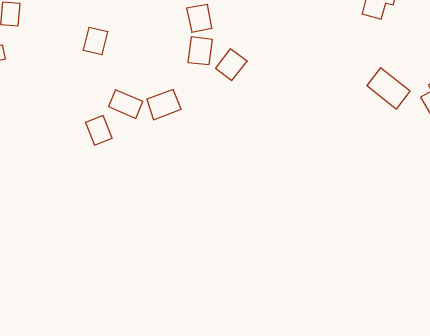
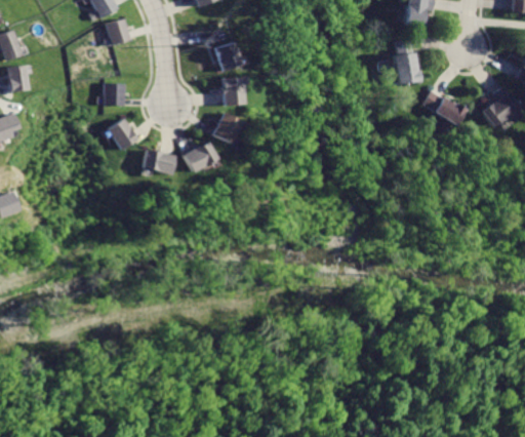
building: none -> [395,36,422,85]
building: [216,49,247,81] -> [208,111,242,146]
building: [85,115,112,145] -> [108,115,139,149]

